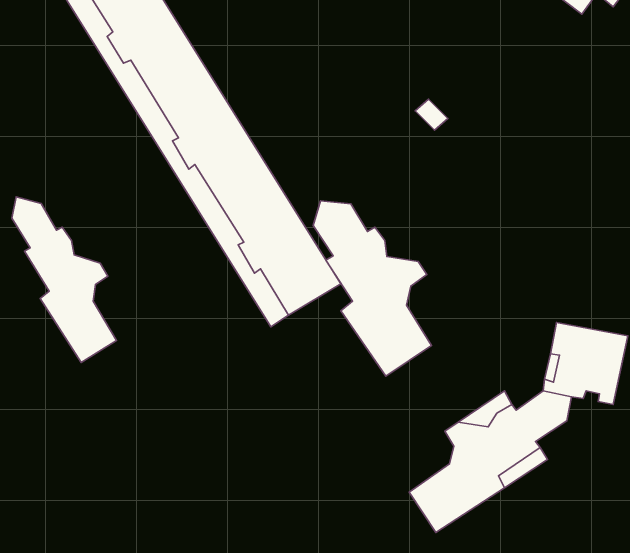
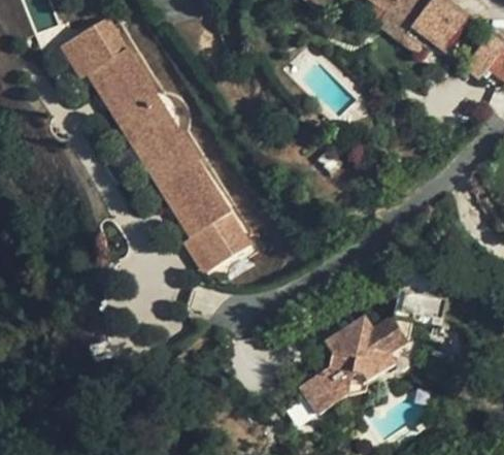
building: [12,197,117,363] -> none
building: [313,201,432,376] -> none

